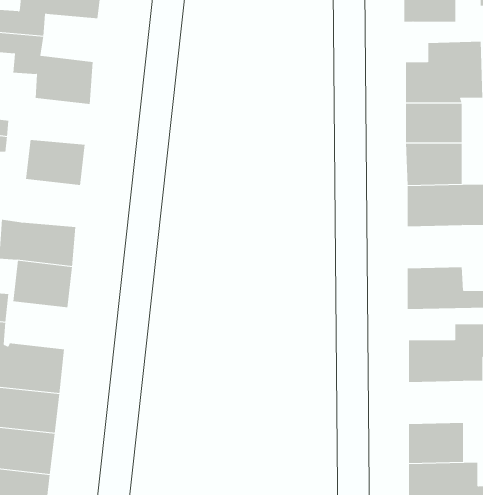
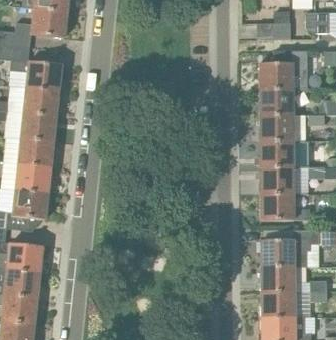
building: none -> [21,87,59,116]
building: none -> [16,138,53,168]
building: none -> [259,167,294,195]
building: none -> [260,266,295,293]

